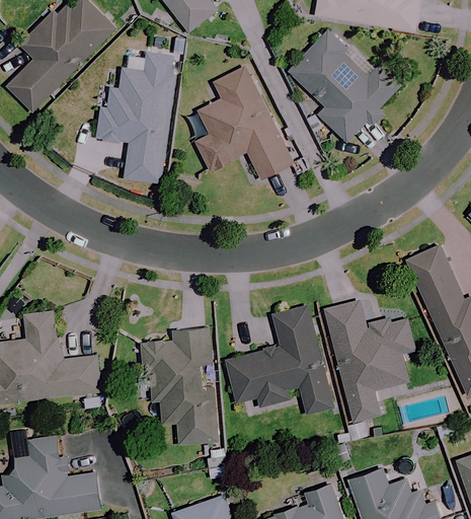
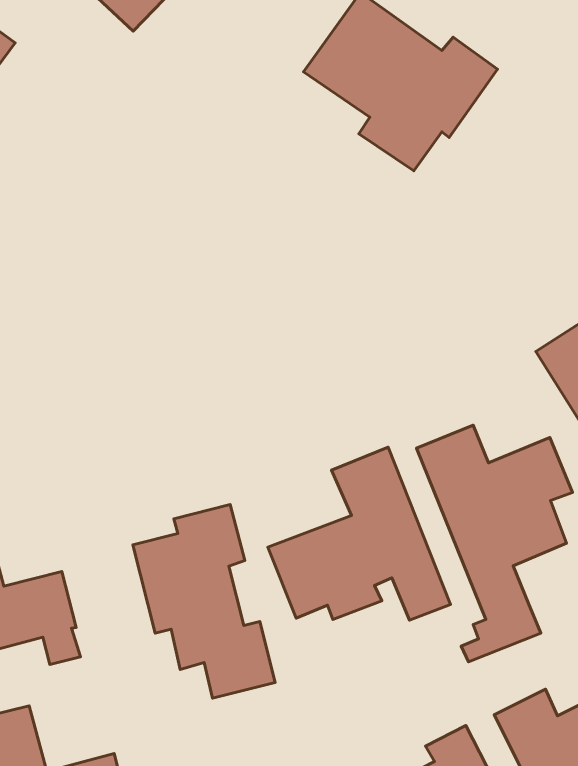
building: [100,53,177,182] -> none
building: [195,67,294,179] -> none

